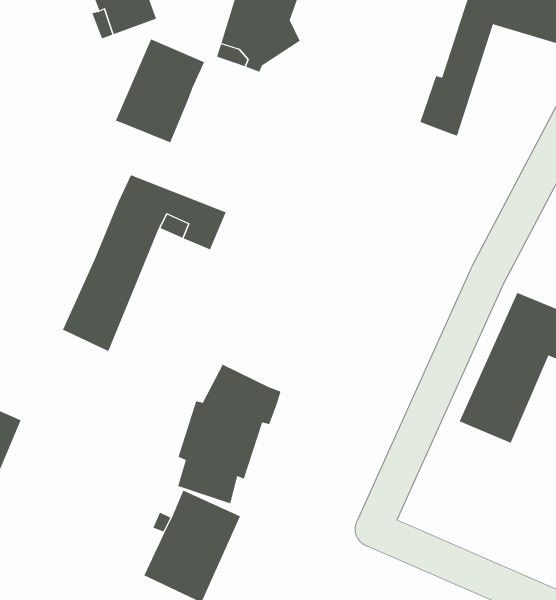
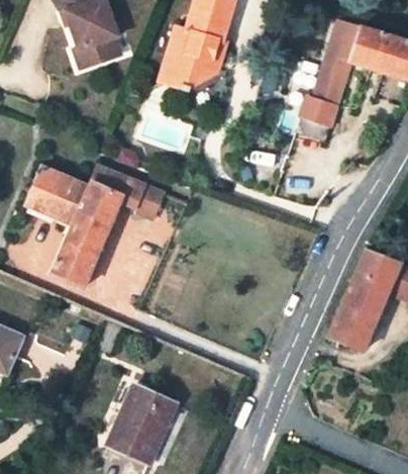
building: [115,39,205,143] -> none
building: none -> [25,165,90,223]
building: [178,364,281,504] -> none

